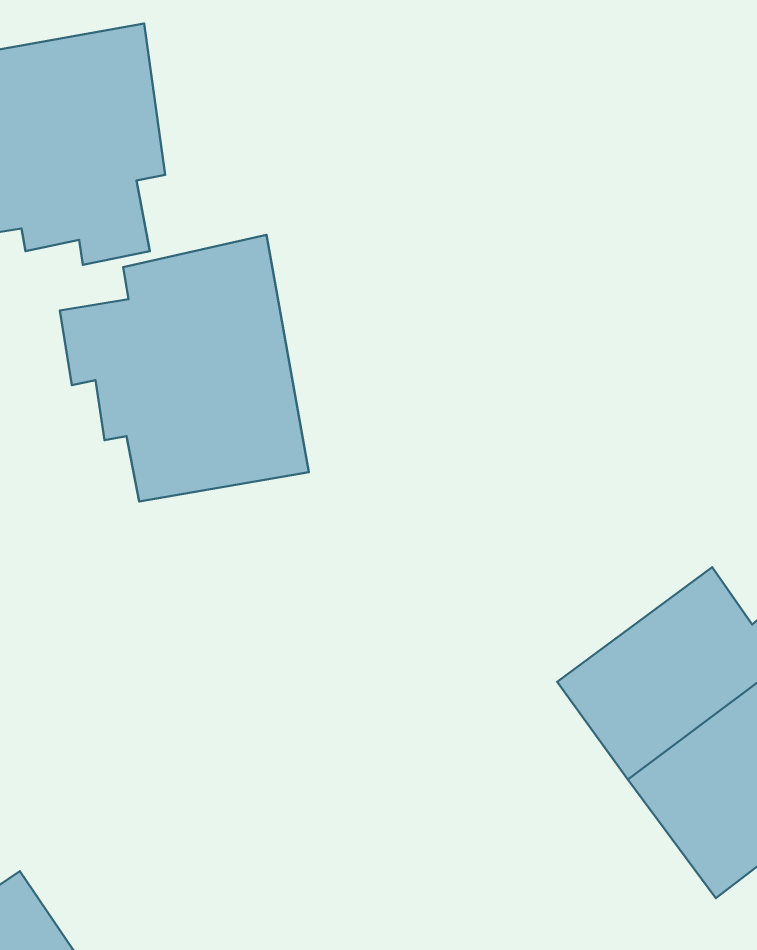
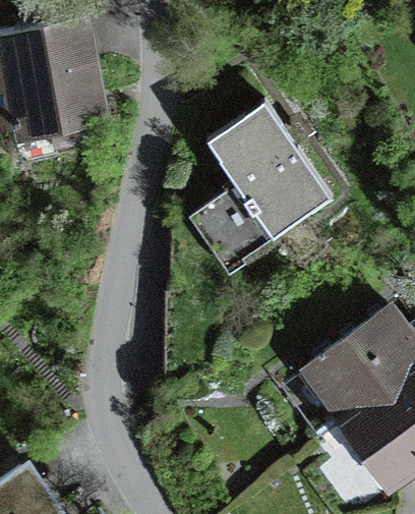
building: none -> [193,103,331,269]
building: [60,235,309,501] -> none

